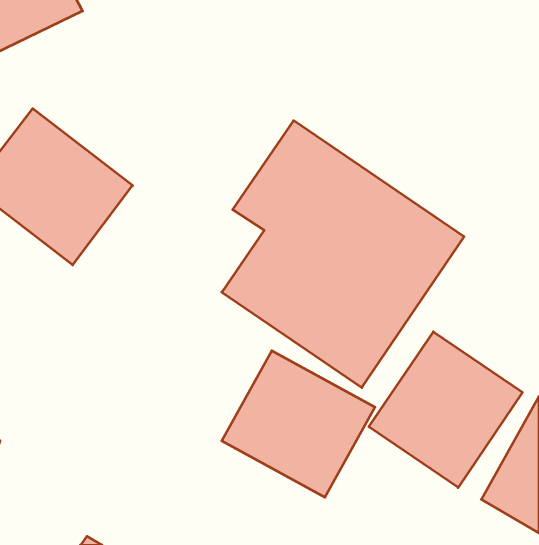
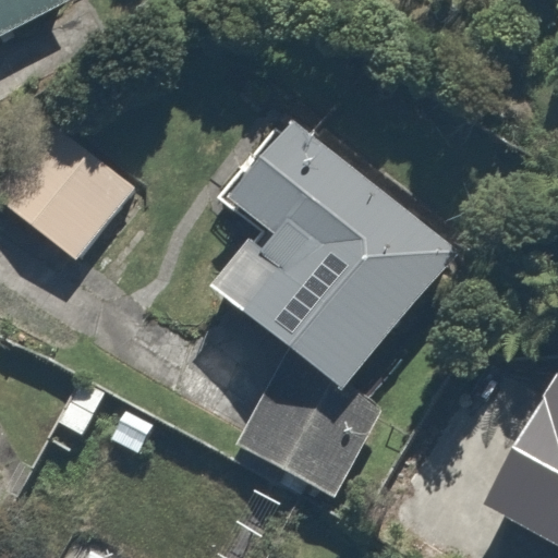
building: [369,332,522,488] -> none

